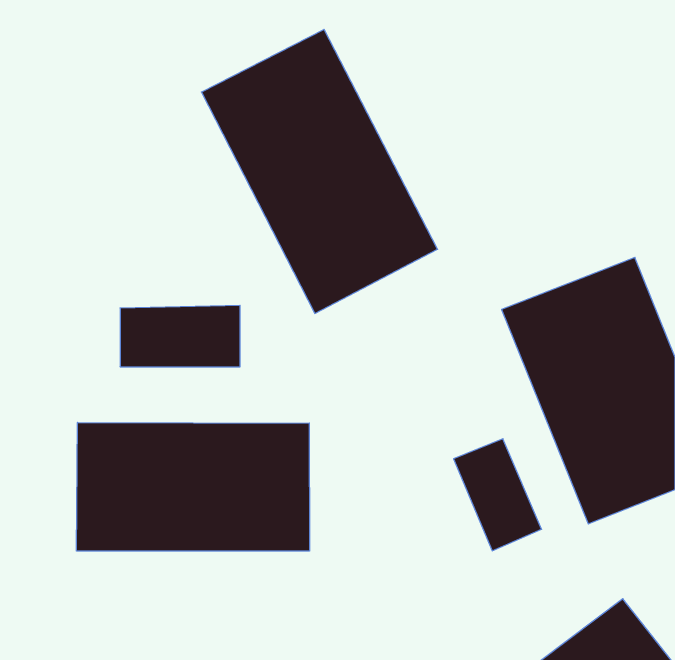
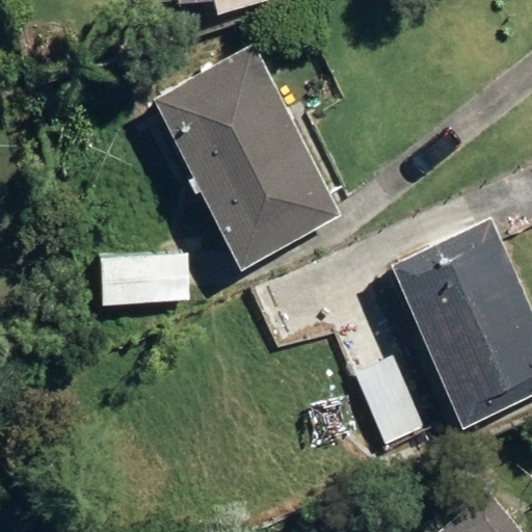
building: [77,422,309,551] -> none

